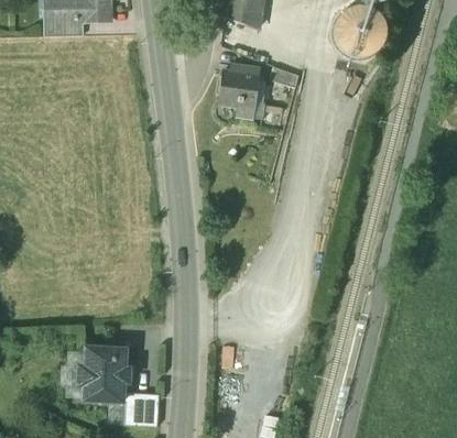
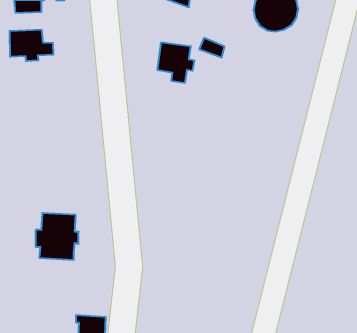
building: none -> [10,30,53,61]
building: [78,346,129,401] -> [36,213,79,260]

